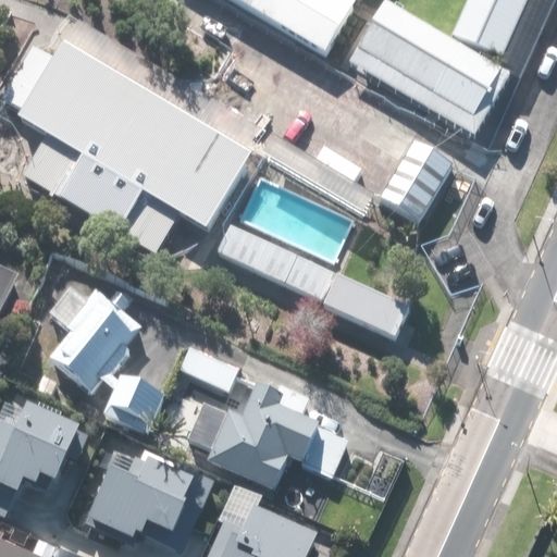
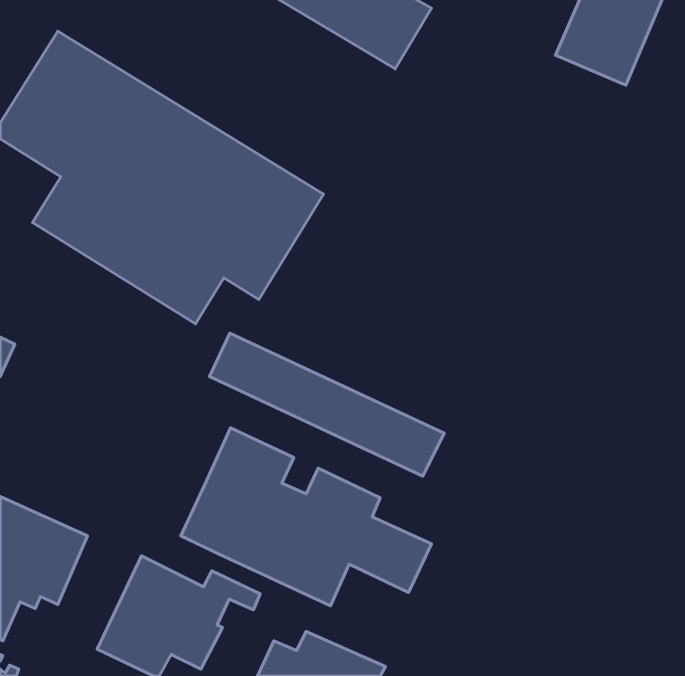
building: [347,9,516,150] -> none
building: [382,139,455,216] -> none
building: [224,223,413,338] -> [210,333,444,476]
building: [48,288,164,431] -> none

